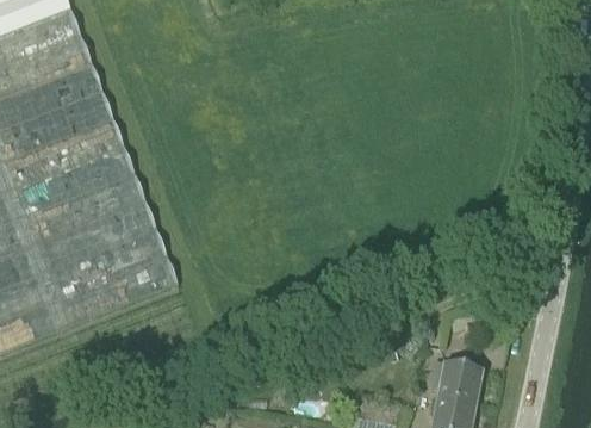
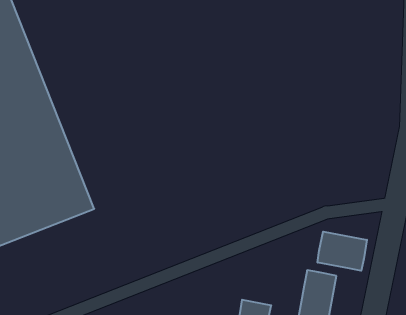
building: none -> [318,232,367,271]

